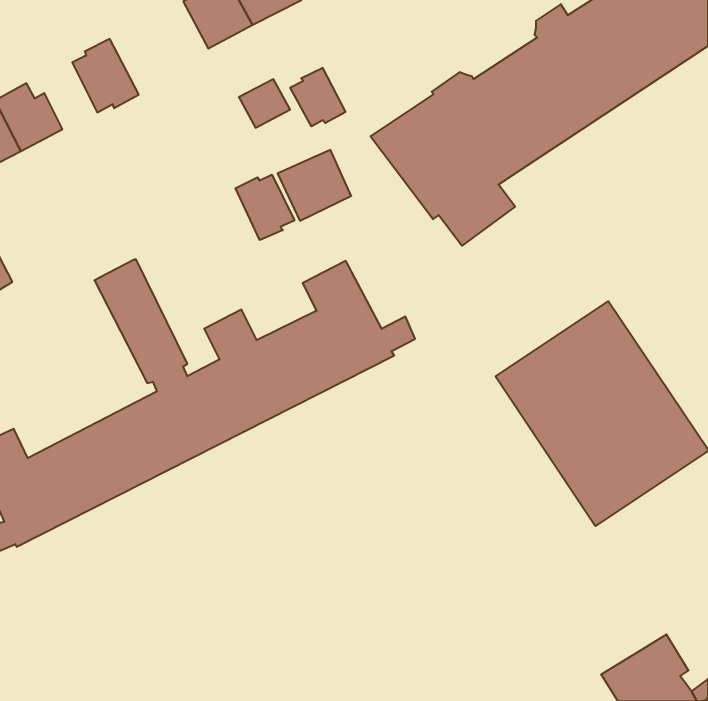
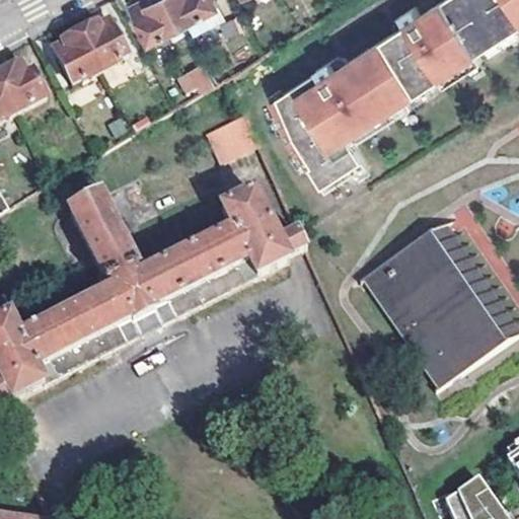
building: none -> [80,15,129,69]
building: [290,68,345,126] -> none
building: [236,175,294,240] -> none

